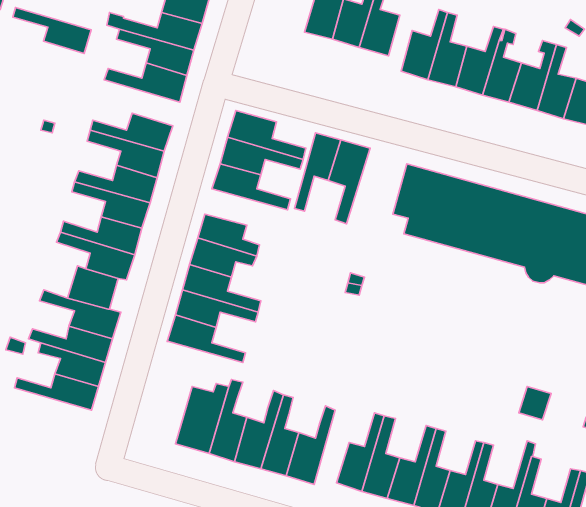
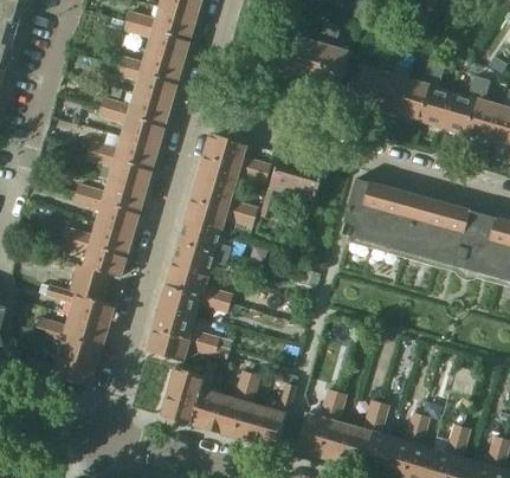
building: [13,7,91,54] -> [97,106,163,146]
building: none -> [185,199,254,230]
building: none -> [147,328,228,360]

